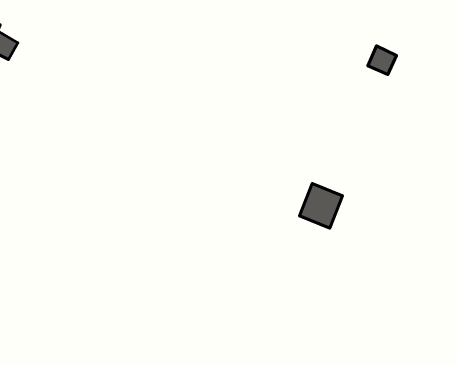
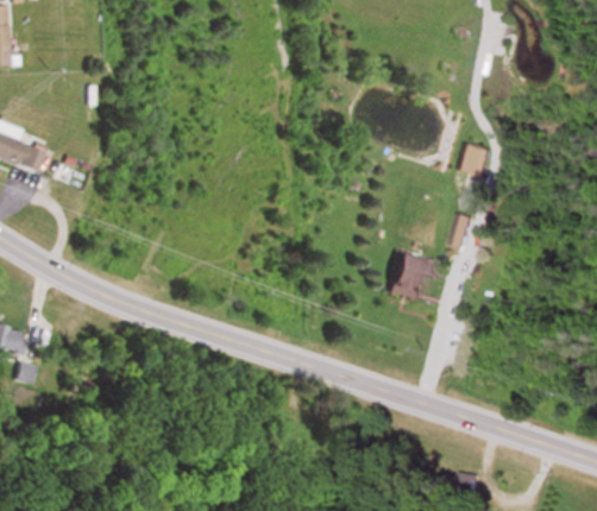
building: [368,46,396,75] -> [459,145,489,175]

